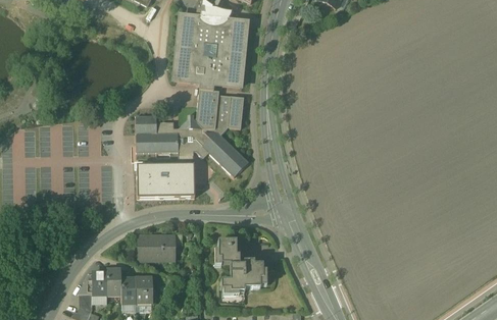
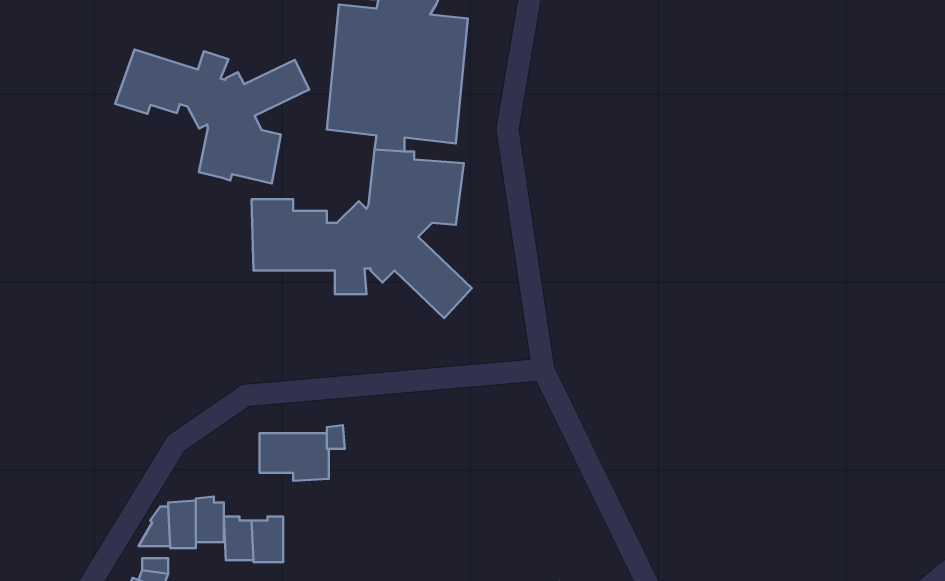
building: none -> [115,49,309,183]
building: [139,164,196,197] -> none
building: [218,242,264,292] -> none

